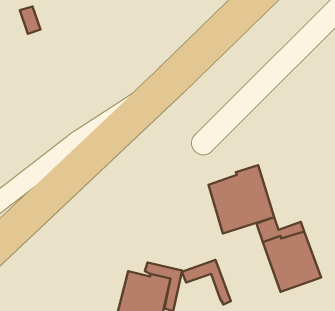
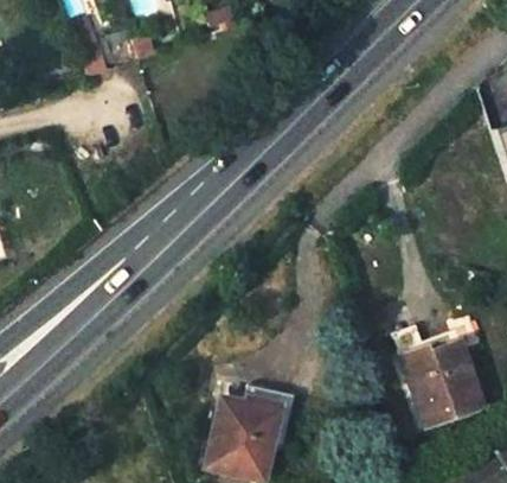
building: [208,165,274,233] -> none
building: [182,260,231,305] -> none

